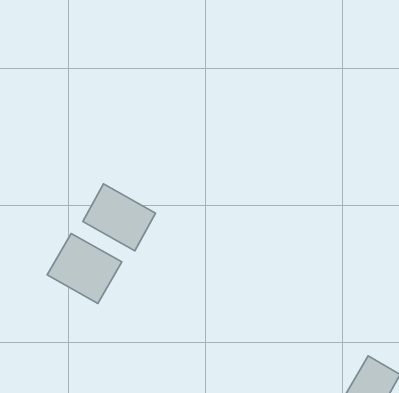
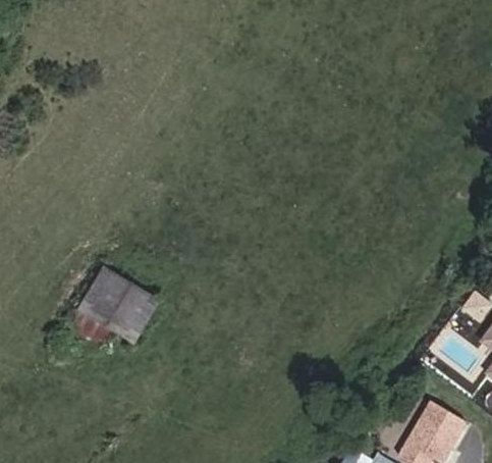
building: [83,184,156,251] -> none

